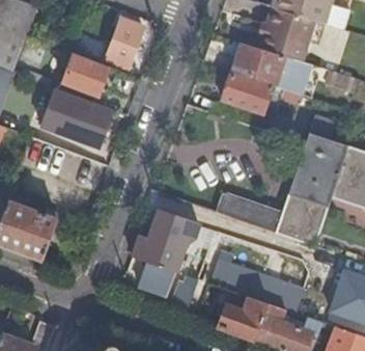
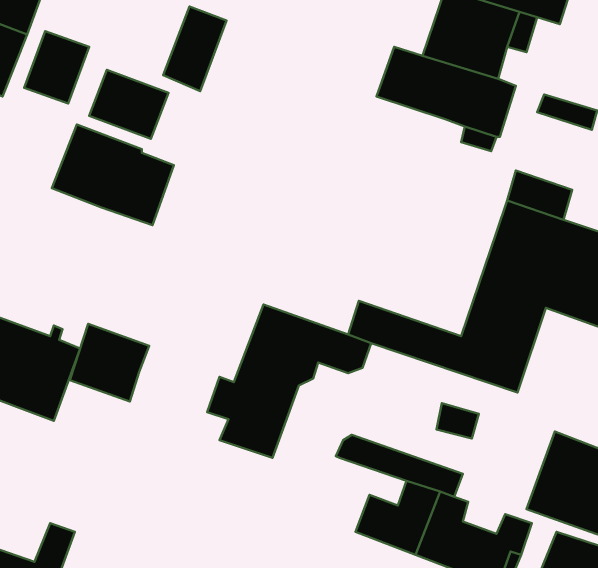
building: none -> [24,31,89,104]
building: [222,71,273,112] -> none
building: none -> [70,324,149,402]

